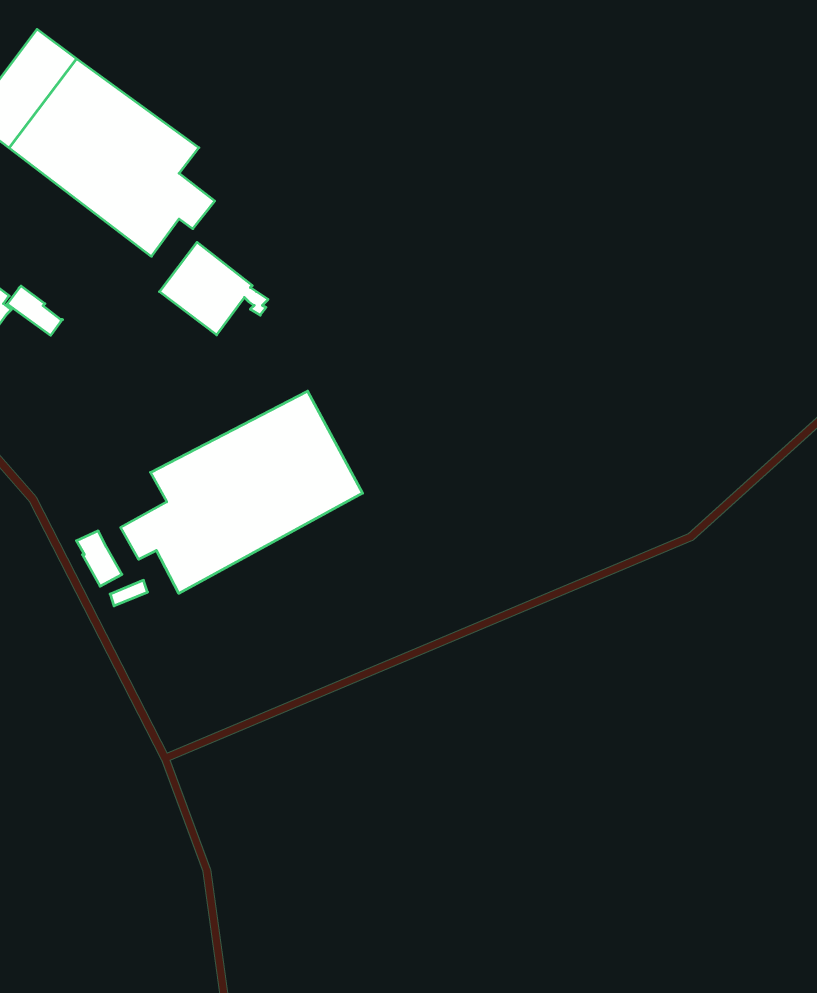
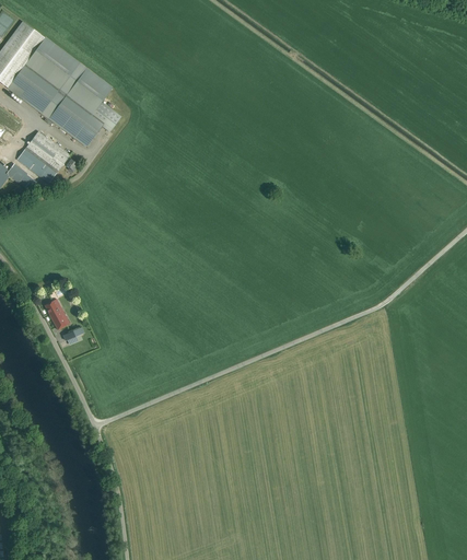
building: [159,242,268,335] -> [16,131,77,183]
building: [121,391,363,593] -> none

